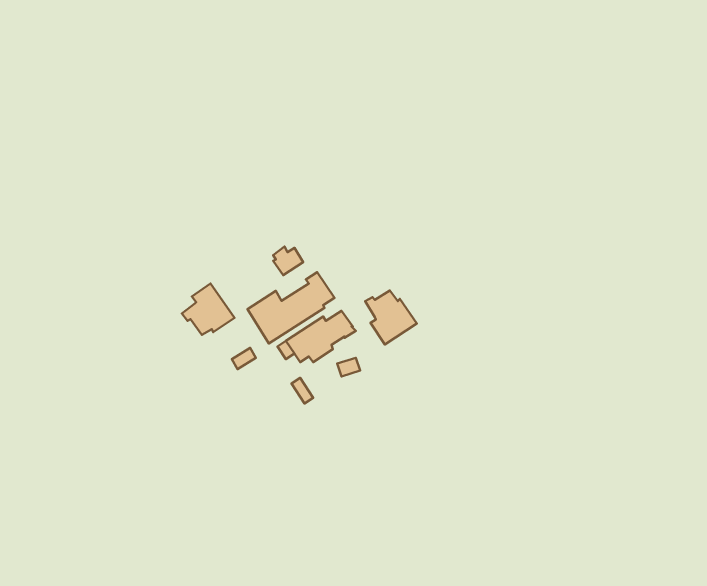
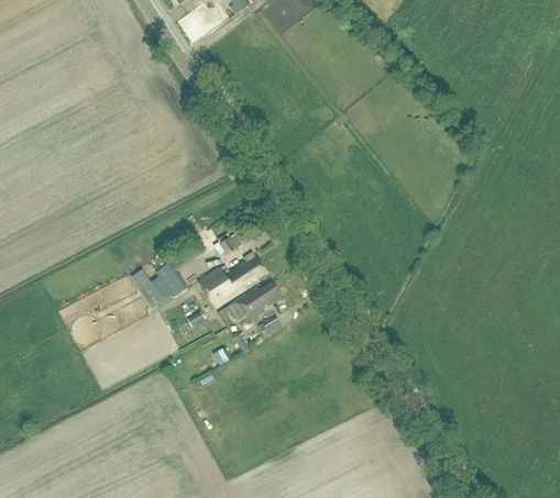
building: [365,290,417,345] -> none

